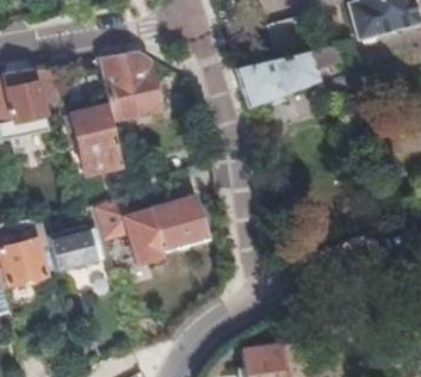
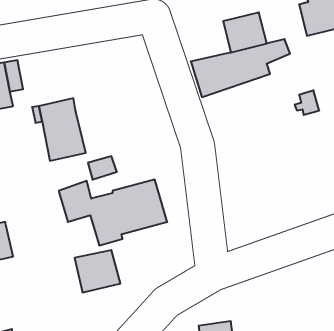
building: [99,52,160,120] -> none
building: [49,228,98,273] -> [75,250,120,292]

